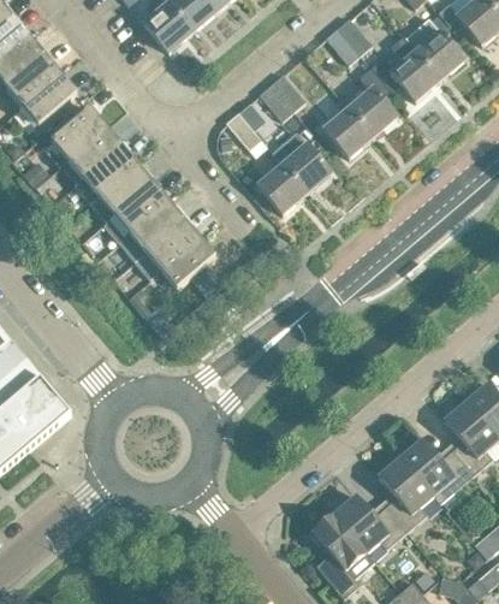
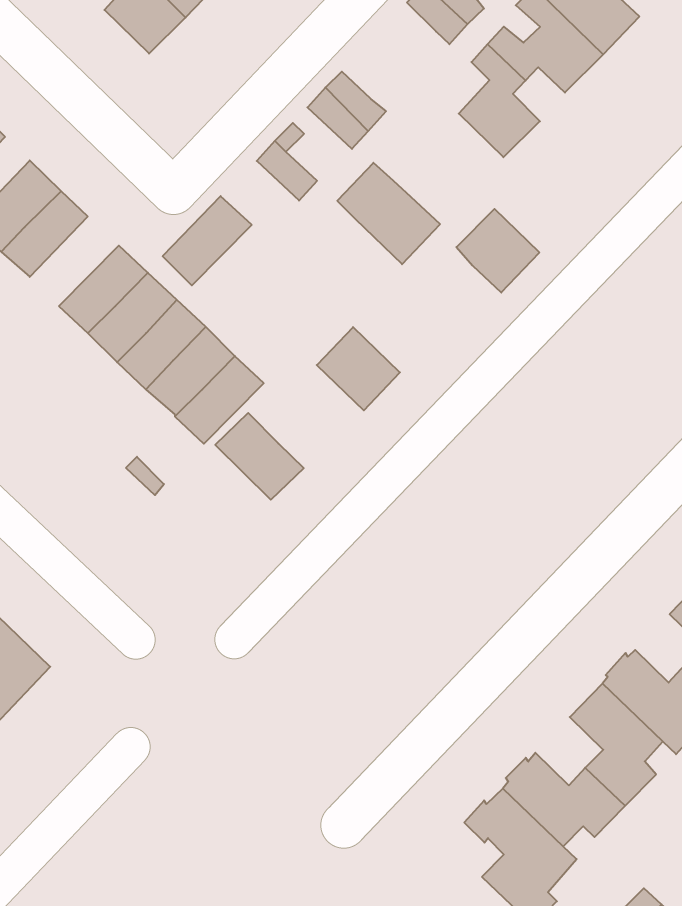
building: [325,107,374,158] -> [456,209,539,293]
building: [83,146,138,197] -> [163,196,252,285]
building: [257,164,307,214] -> [317,327,400,410]
building: none -> [215,413,304,500]

